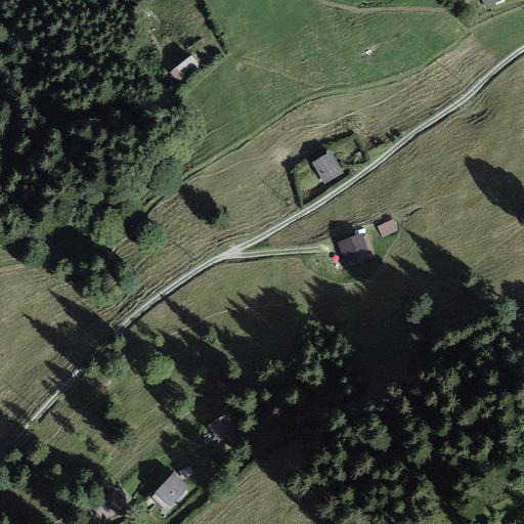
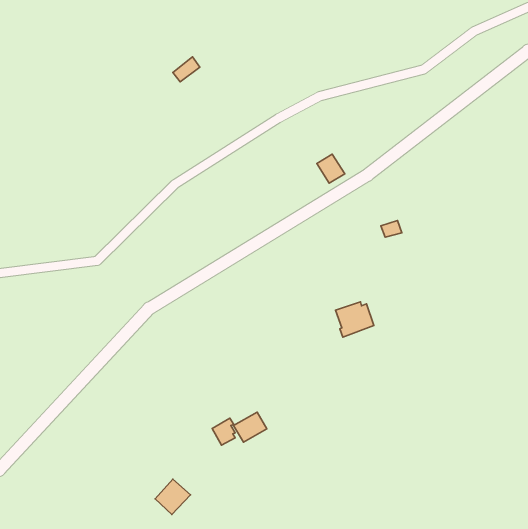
building: [337,233,375,268] -> [336,302,374,337]
building: none -> [234,412,267,442]

